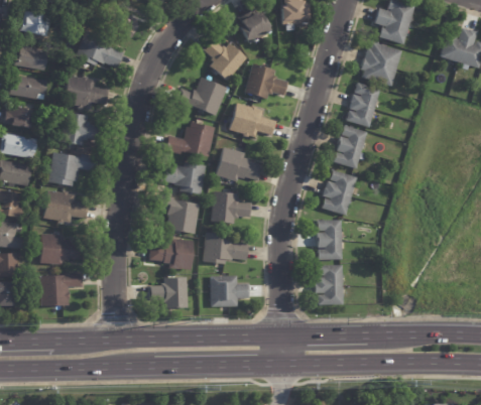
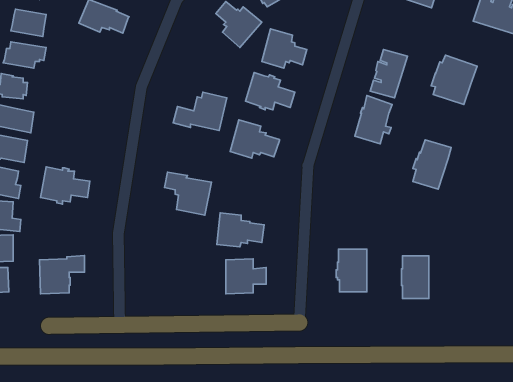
building: [360,41,402,87] -> [431,55,477,104]
building: [64,76,109,110] -> none
building: [176,78,227,117] -> none
building: [62,113,102,146] -> none
building: [48,152,98,187] -> none
building: [160,163,206,195] -> none
building: [322,170,357,216] -> [413,140,451,189]
building: [212,191,252,224] -> none
building: [316,221,341,260] -> [401,256,429,299]
building: [38,234,83,265] -> none
building: [150,239,194,270] -> none
building: [149,277,186,308] -> none

